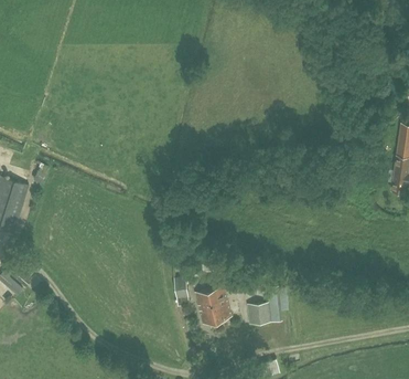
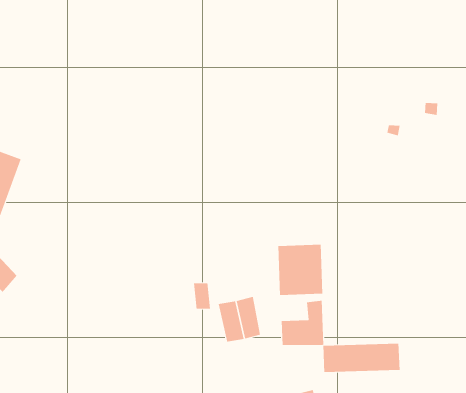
building: none -> [278,244,323,296]
building: none -> [323,343,400,373]

